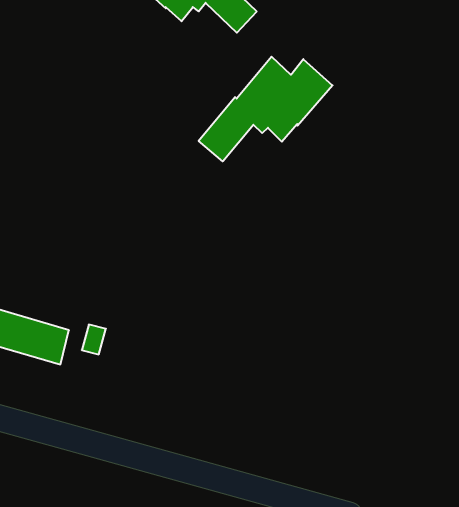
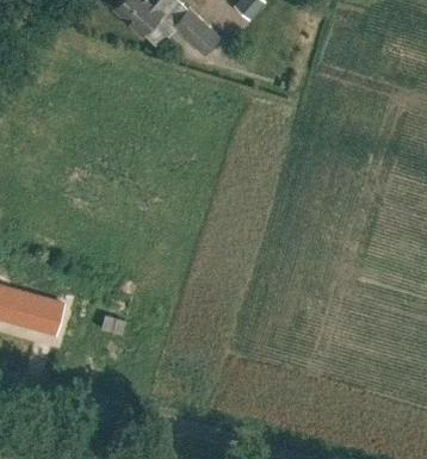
building: [199,57,333,161] -> none

